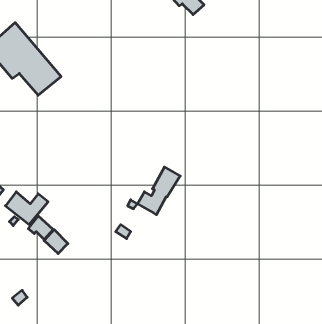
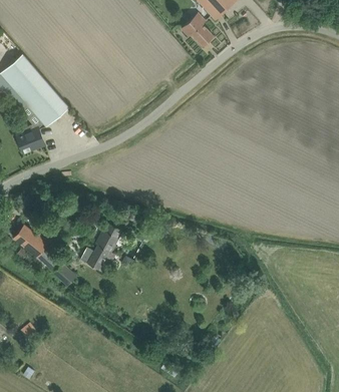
building: none -> [16,125,44,152]
building: [138,167,180,215] -> [79,223,122,271]

